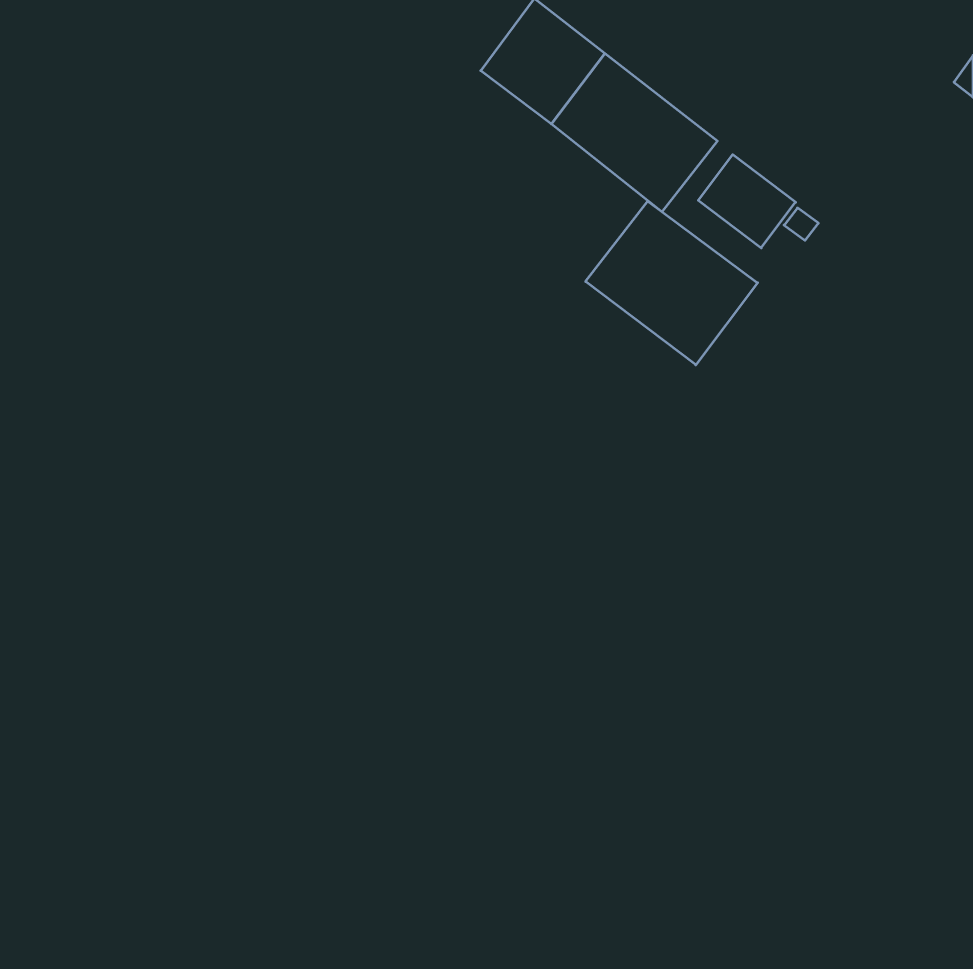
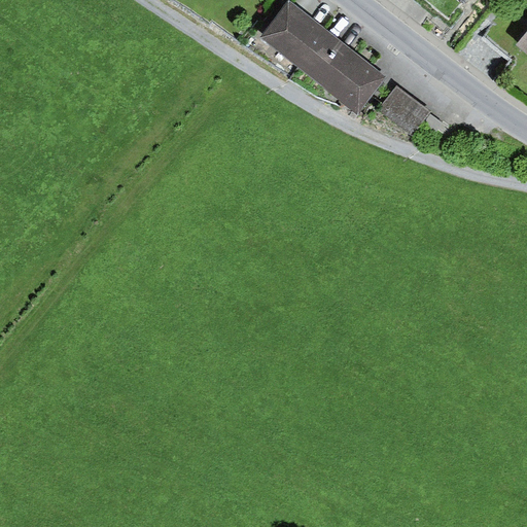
building: [586,201,758,365] -> none

